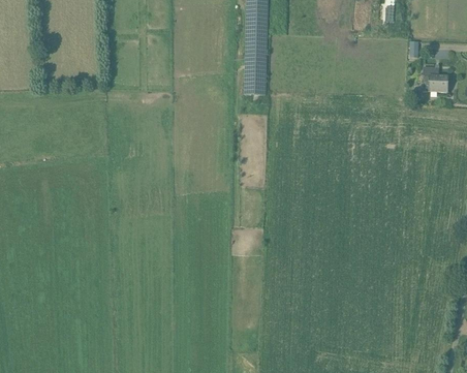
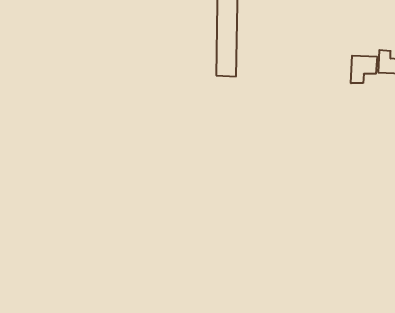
building: none -> [351,56,377,83]

